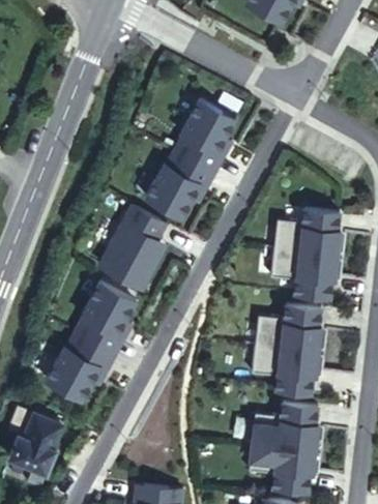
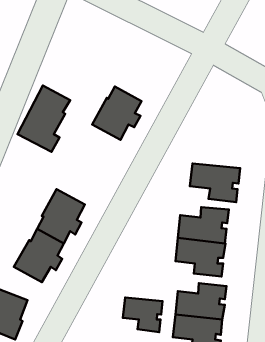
building: [175,100,236,170] -> none
building: [100,207,168,292] -> [18,86,70,152]
building: [274,209,340,256] -> none
building: none -> [123,297,162,332]

